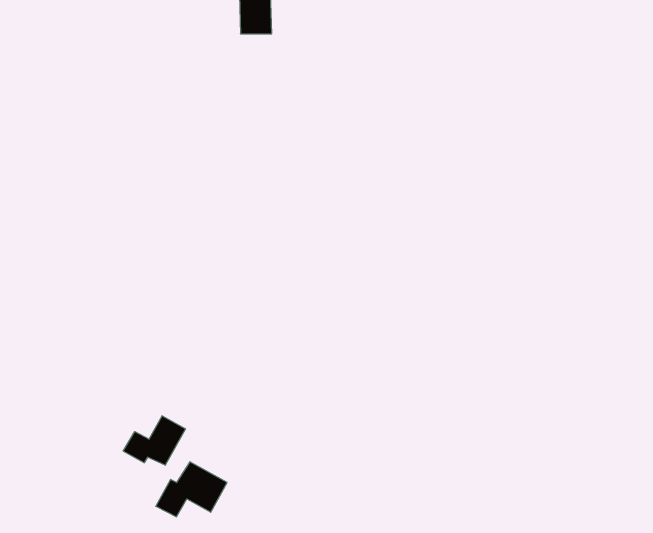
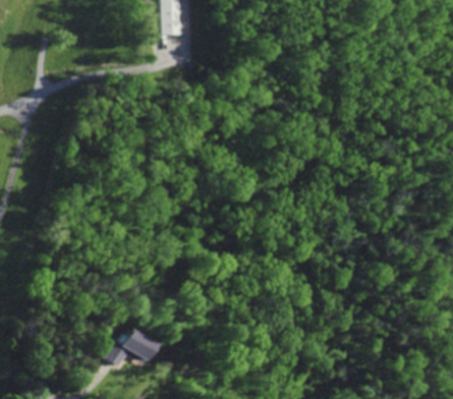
building: [123,416,185,465] -> none

